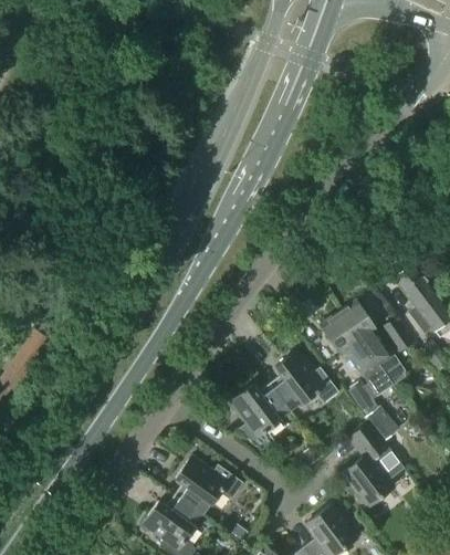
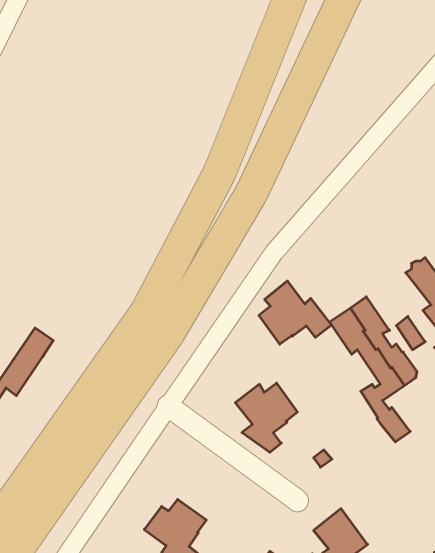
building: [270,350,339,411] -> [259,281,331,344]
building: [342,422,395,507] -> none
building: [175,455,243,515] -> none

